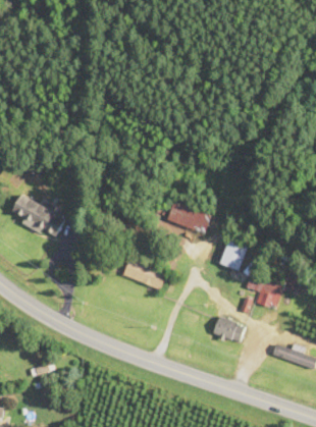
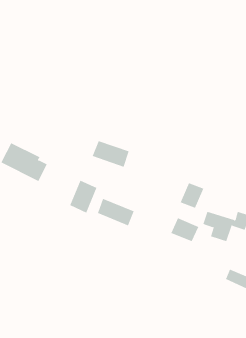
building: [166,201,210,232] -> [92,141,129,168]
building: none -> [70,180,97,213]
building: [211,316,245,344] -> [170,217,199,242]

